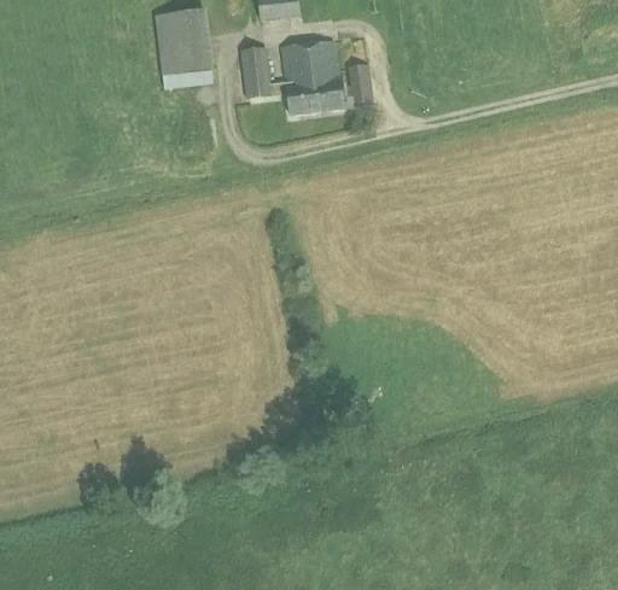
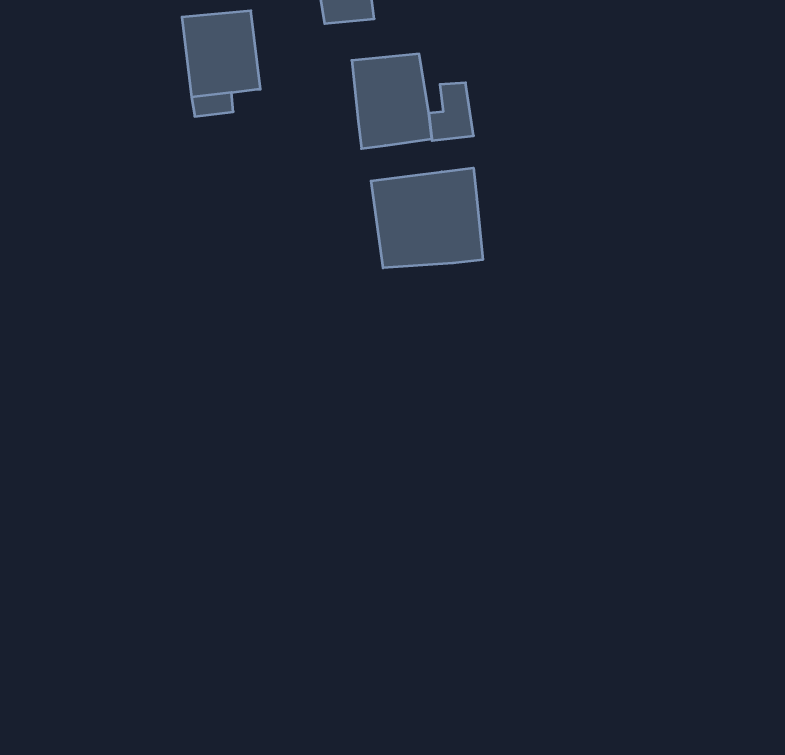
building: [240,47,286,98] -> none
building: none -> [371,168,483,268]

